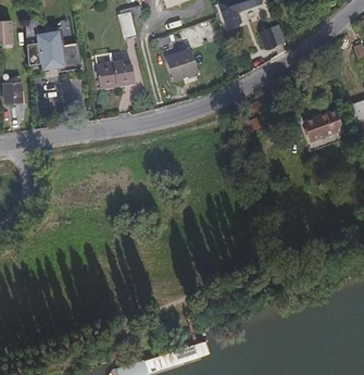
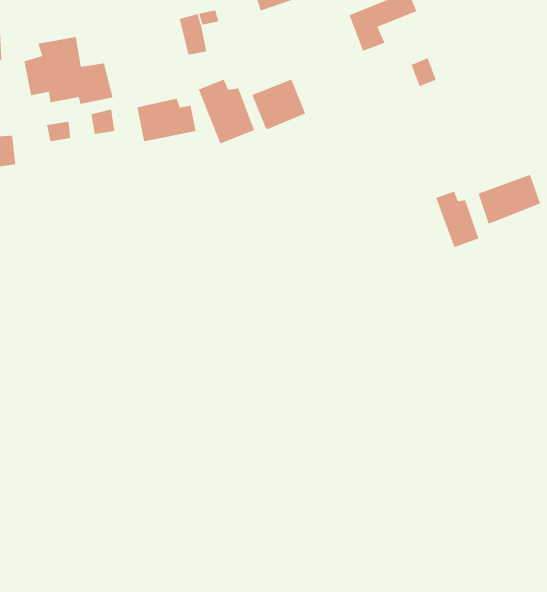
building: none -> [198,78,255,145]
building: none -> [435,190,480,248]

